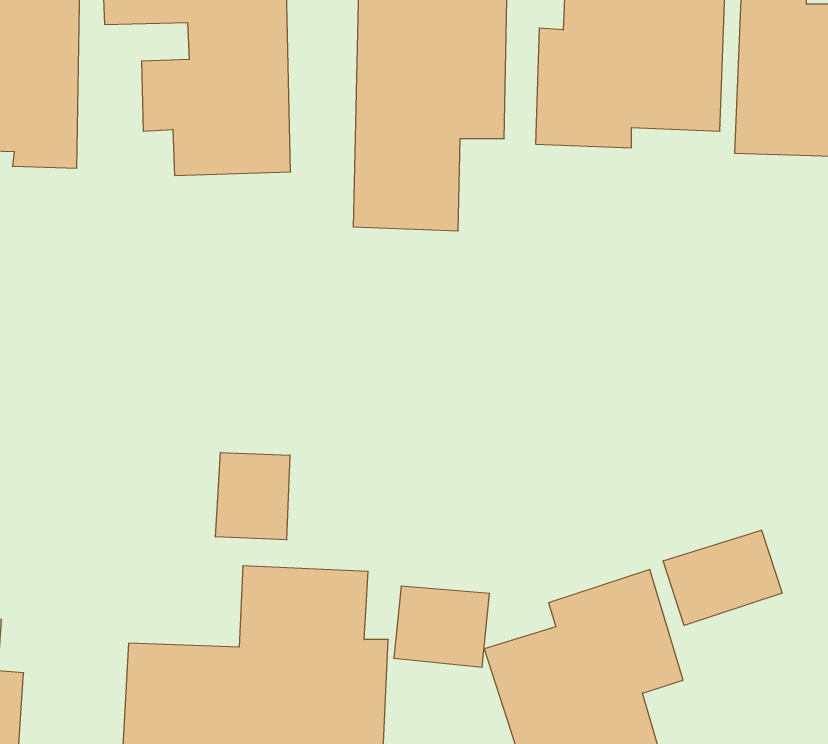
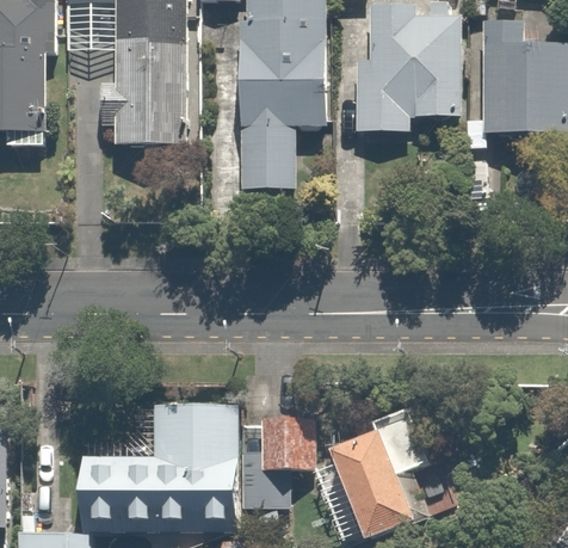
building: [216,452,290,540] -> none
building: [663,530,782,625] -> none

